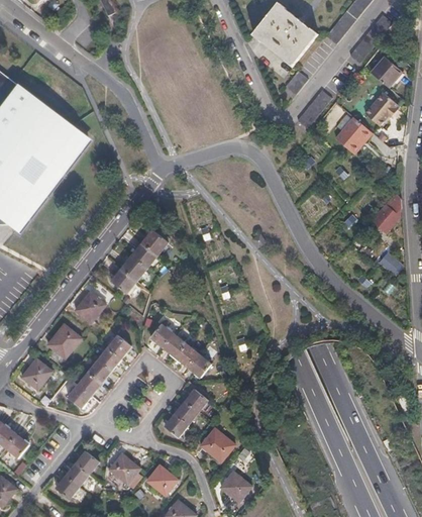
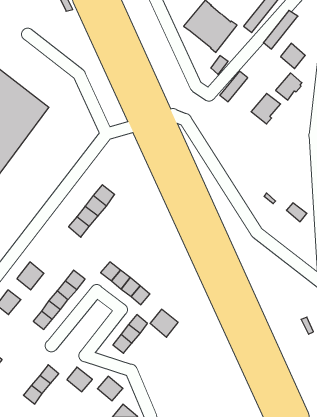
building: [372,192,401,232] -> none
building: [75,292,106,322] -> none
building: [201,427,235,461] -> [150,309,178,337]
building: [220,470,252,501] -> none

